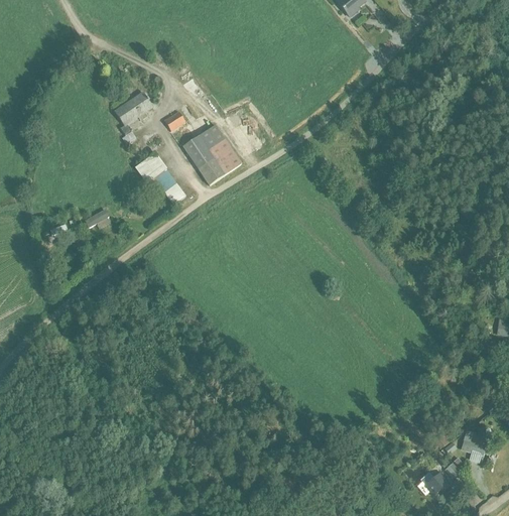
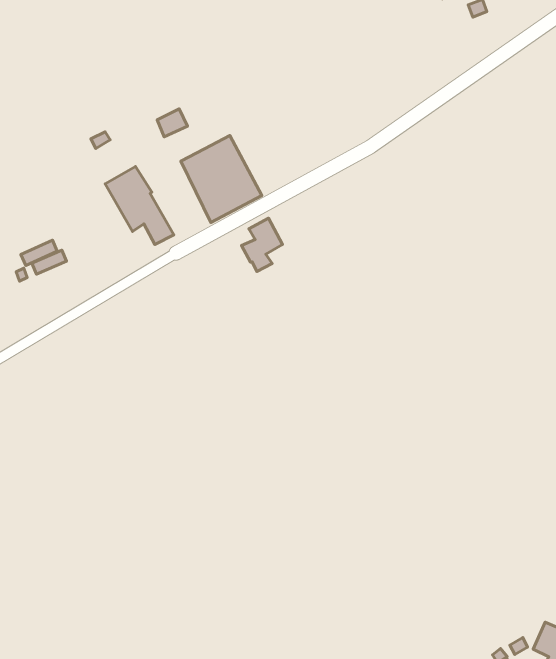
building: [114,91,152,133] -> none
building: none -> [241,218,283,271]

